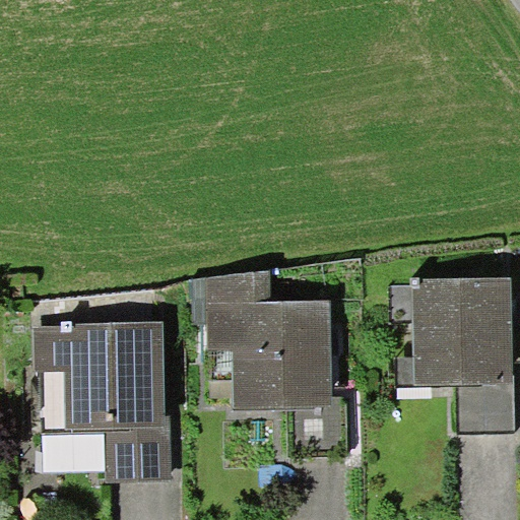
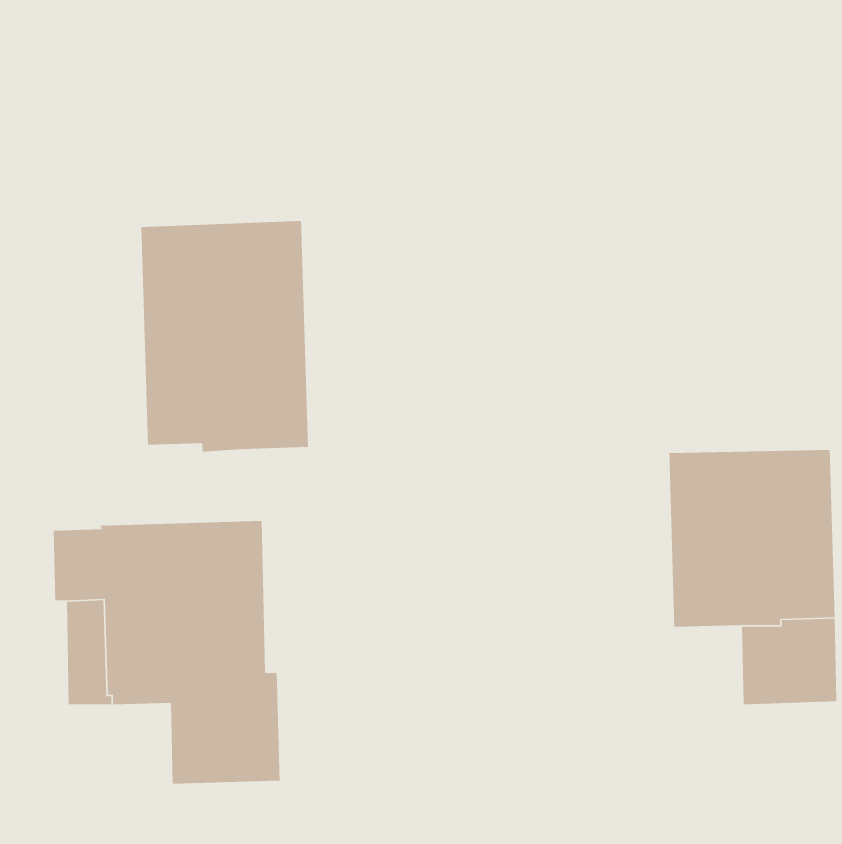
building: none -> [141,220,309,452]
building: [188,268,331,410] -> none

